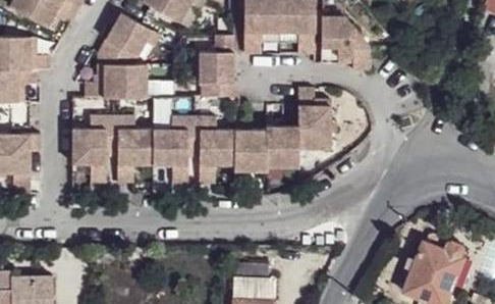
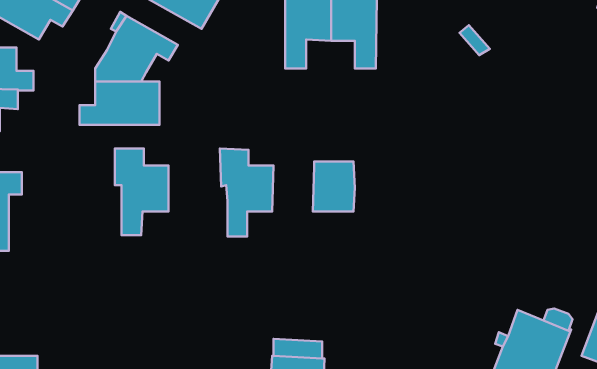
building: [321,11,370,70] -> none
building: [199,37,237,98] -> none
building: [297,88,330,147] -> none
building: [71,116,112,184] -> none
building: [154,116,195,185] -> none
building: [234,130,267,171] -> none

